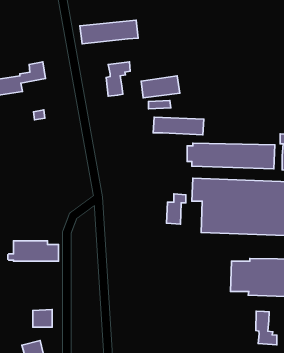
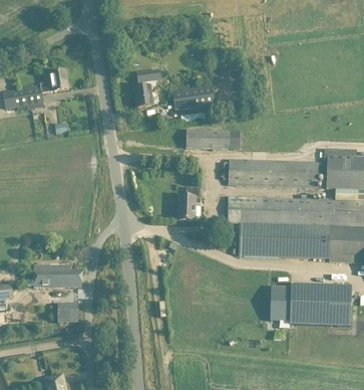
building: [80,20,138,44] -> none
building: [167,194,186,224] -> [178,187,200,220]
building: [33,310,52,327] -> [57,303,78,322]
building: [256,311,277,345] -> none

